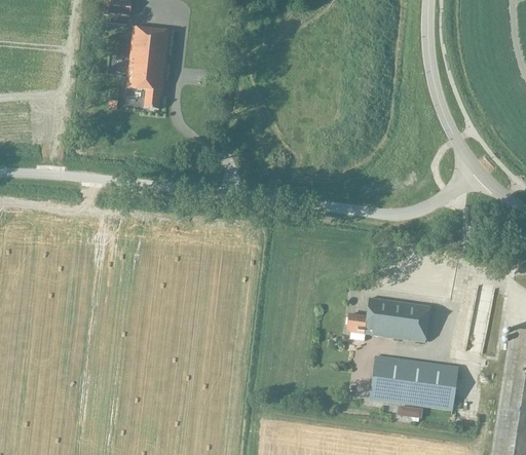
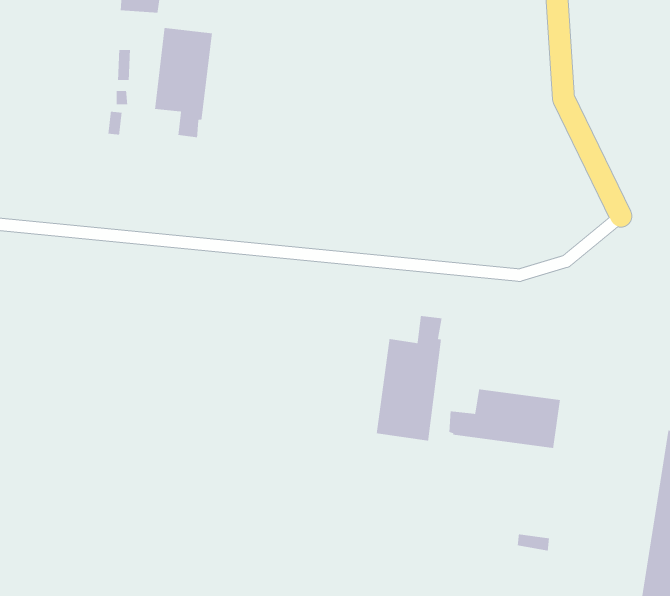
building: none -> [376,315,442,441]
building: [371,354,461,410] -> none

